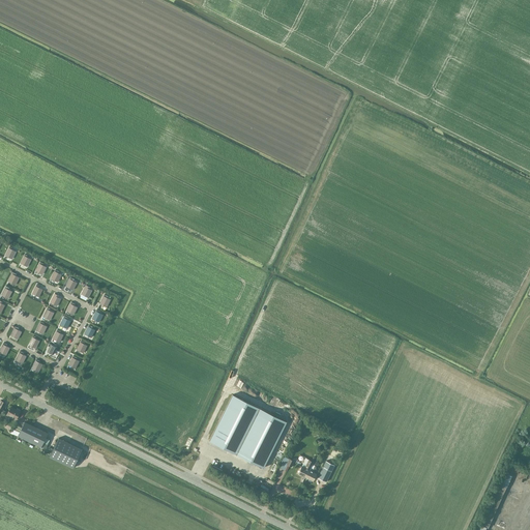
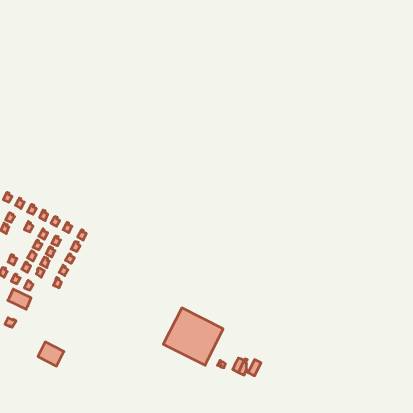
building: [18,421,48,447] -> [8,289,31,309]

